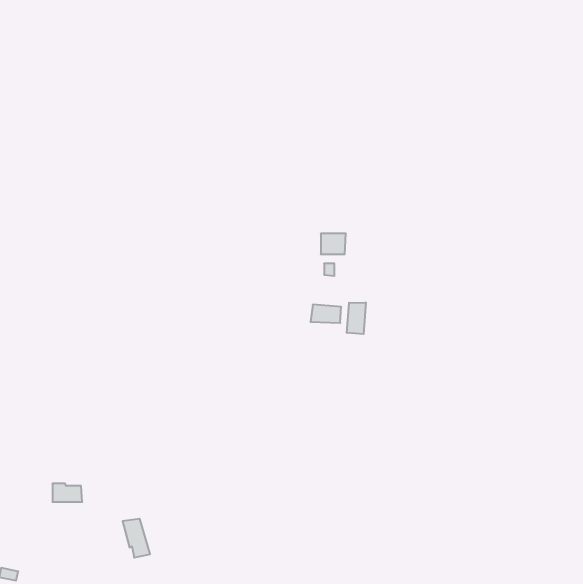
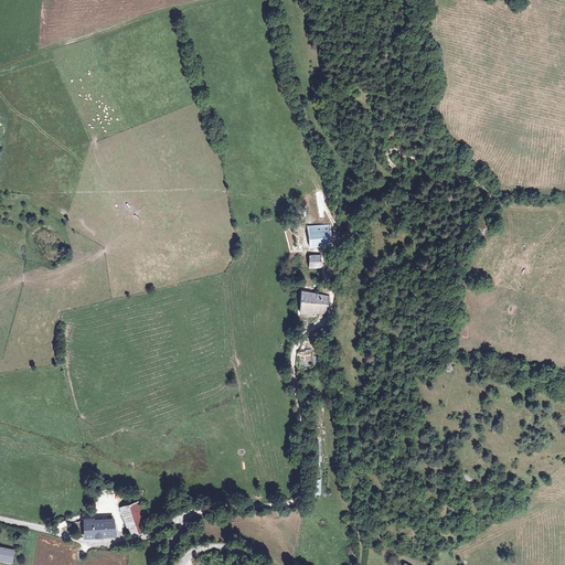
building: [347,302,366,334] -> none
building: [52,484,82,502] -> [83,519,111,536]

